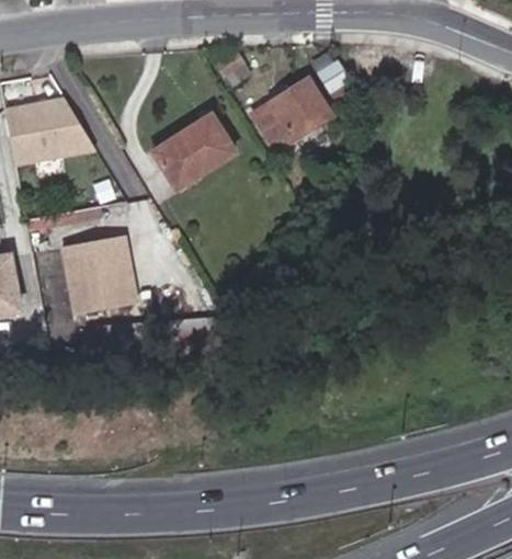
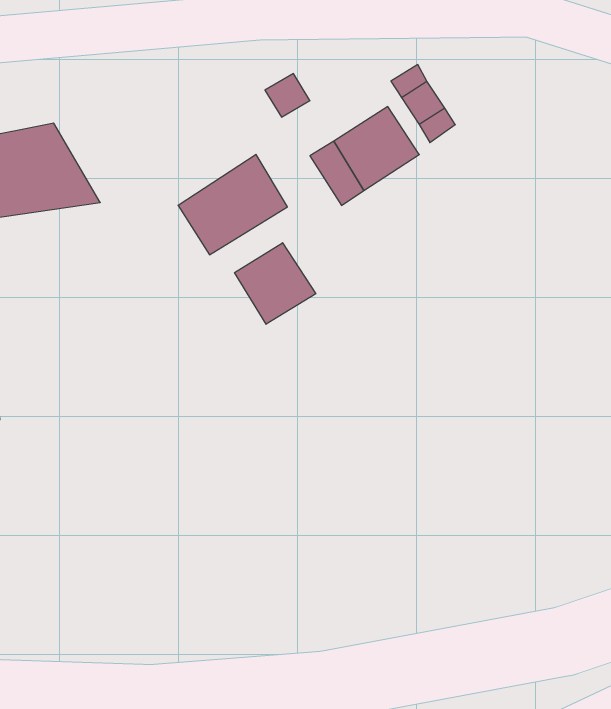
building: none -> [235,243,316,324]
building: [61,233,137,313] -> none

